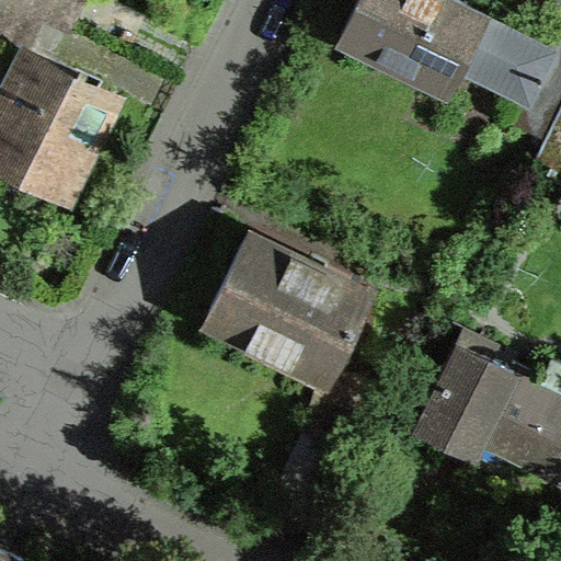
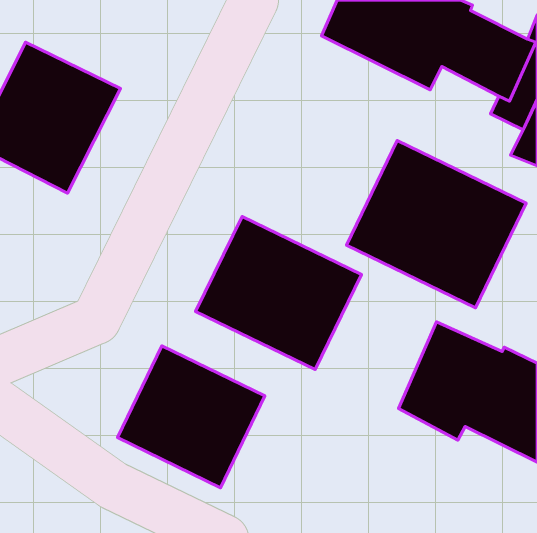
building: none -> [347,141,526,308]
building: none -> [117,346,265,488]

